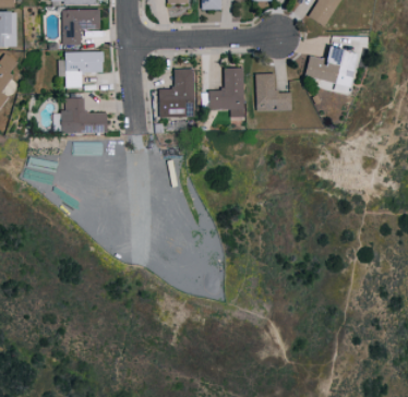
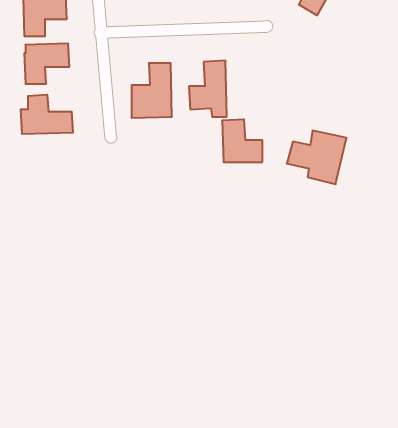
building: [304,46,358,94] -> [287,131,347,184]
building: [255,73,291,111] -> [222,119,262,162]

